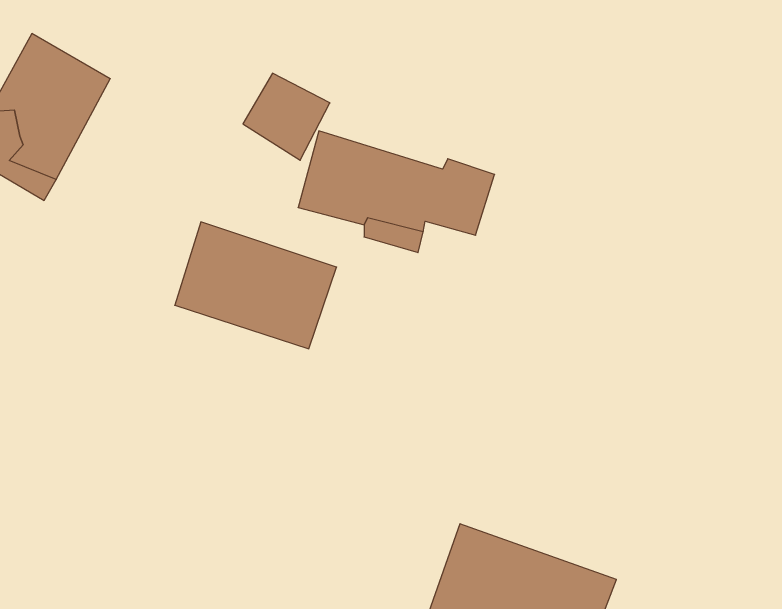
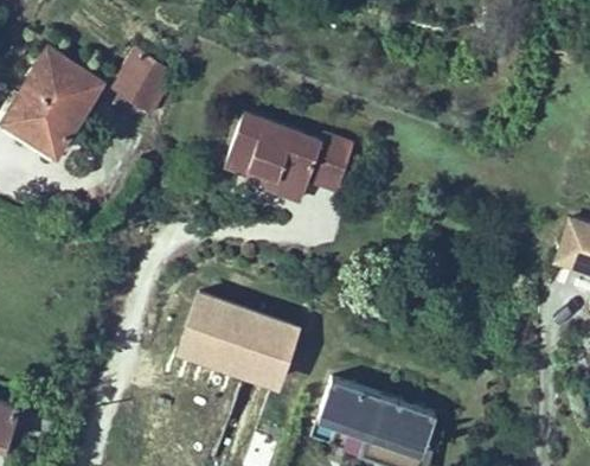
building: [243,73,330,160] -> [116,45,175,104]
building: [175,222,337,349] -> [185,301,295,388]

